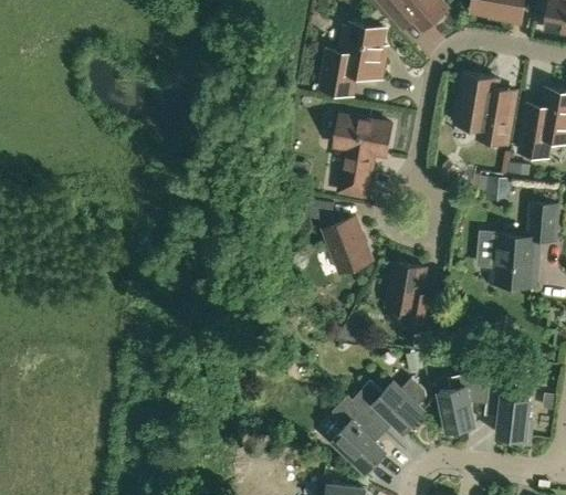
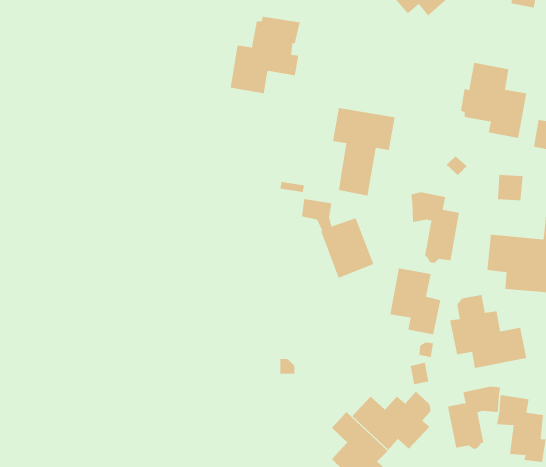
building: [321,23,386,95] -> [230,16,300,94]
building: none -> [411,192,460,264]
building: none -> [450,294,527,369]

